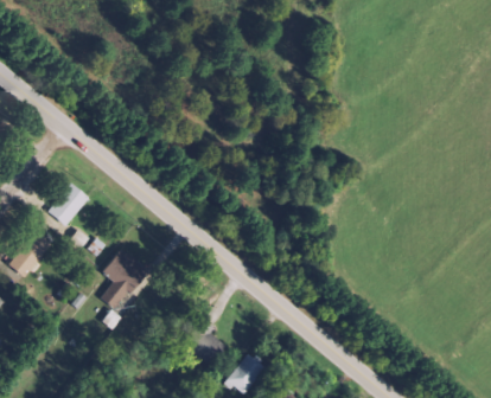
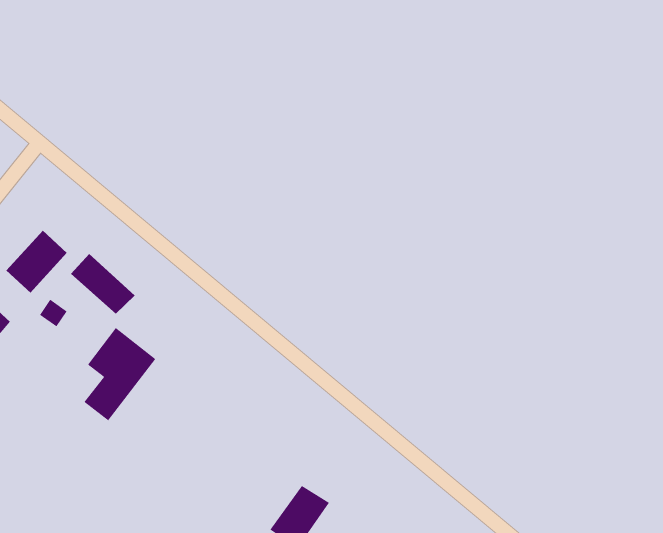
building: none -> [70,253,136,314]

